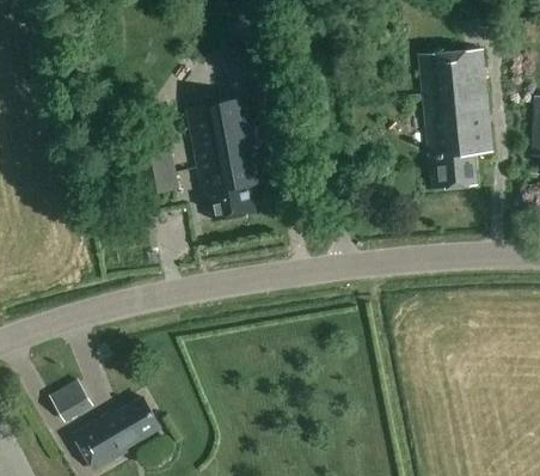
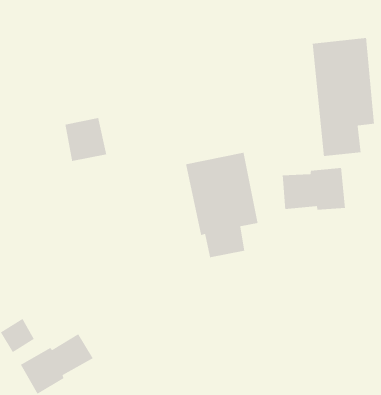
building: [184,94,270,220] -> [185,152,258,258]
building: none -> [282,167,346,210]

